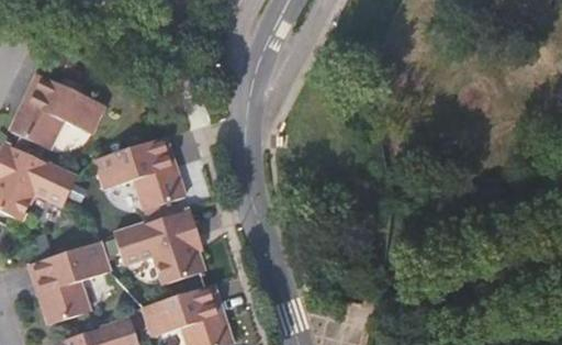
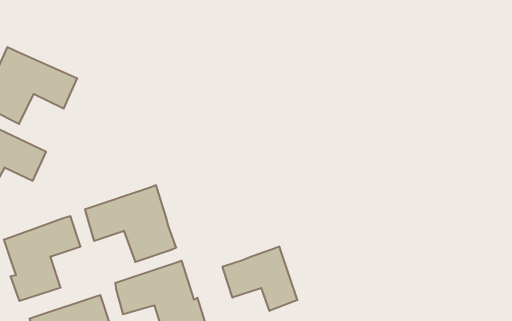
building: [94,135,186,212] -> none
building: none -> [223,246,297,311]

